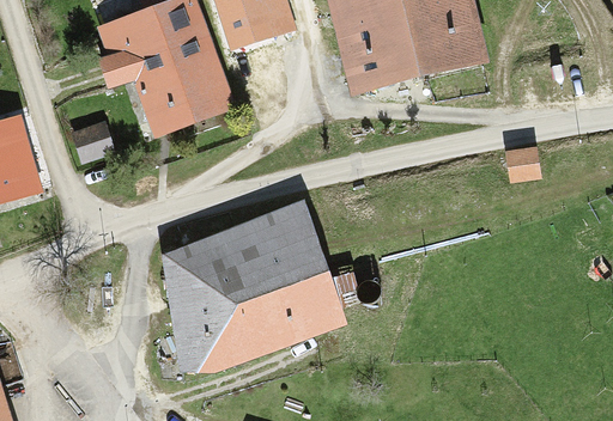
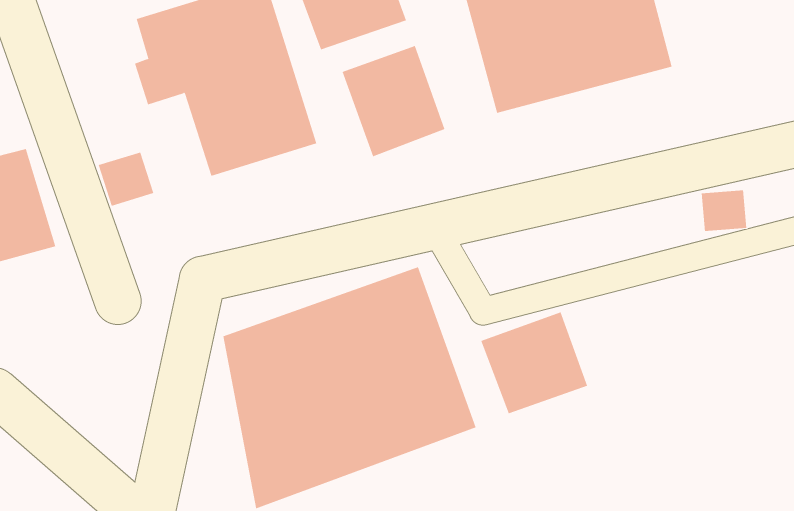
building: none -> [342,45,445,157]
building: none -> [481,312,588,414]

